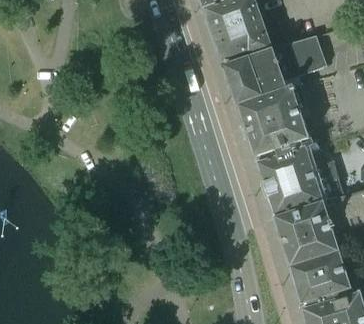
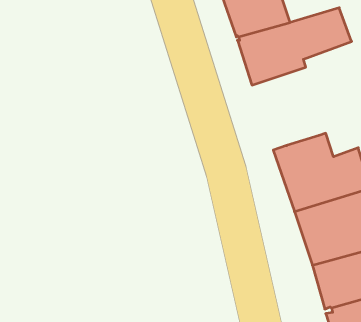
building: [236,83,306,158] -> none

